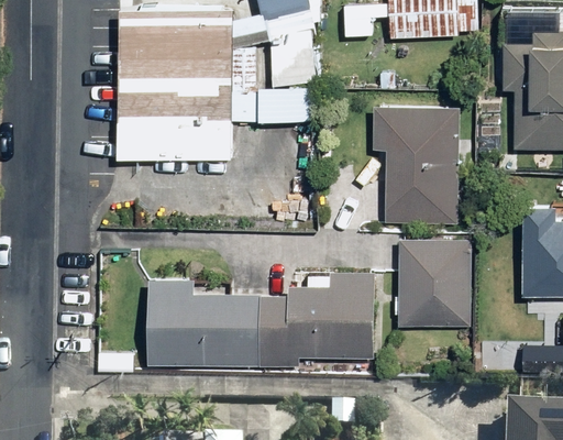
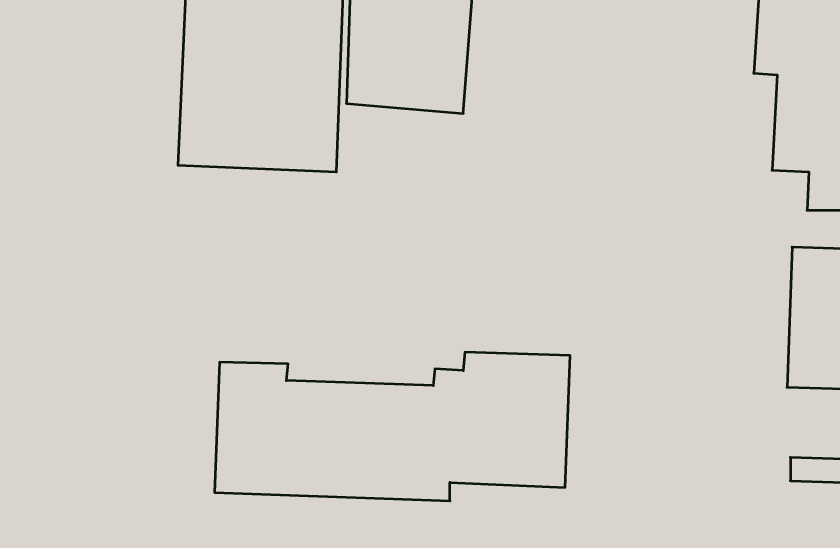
building: [371,102,459,224] -> none
building: [397,236,473,329] -> none

